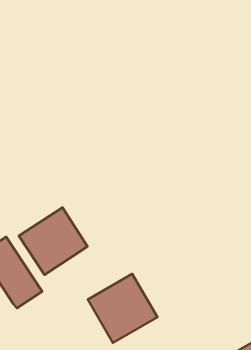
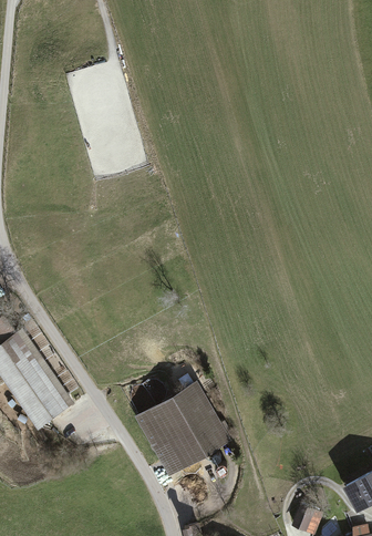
building: [19,208,87,275] -> none

